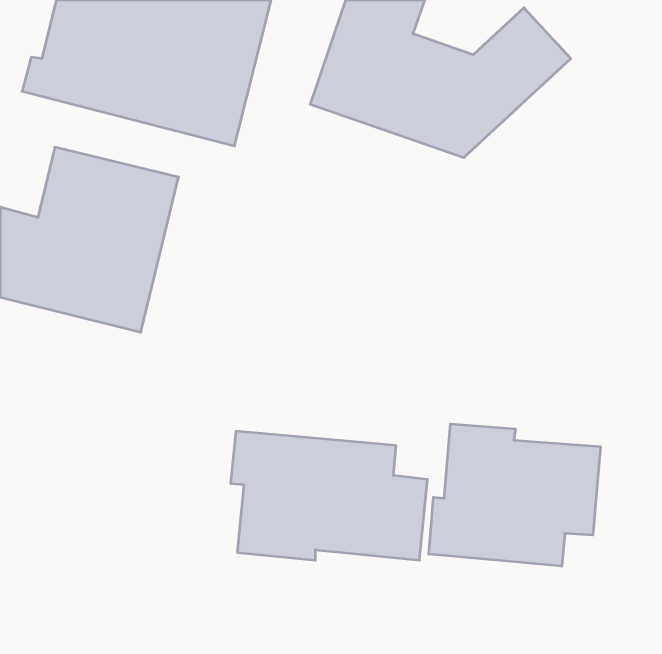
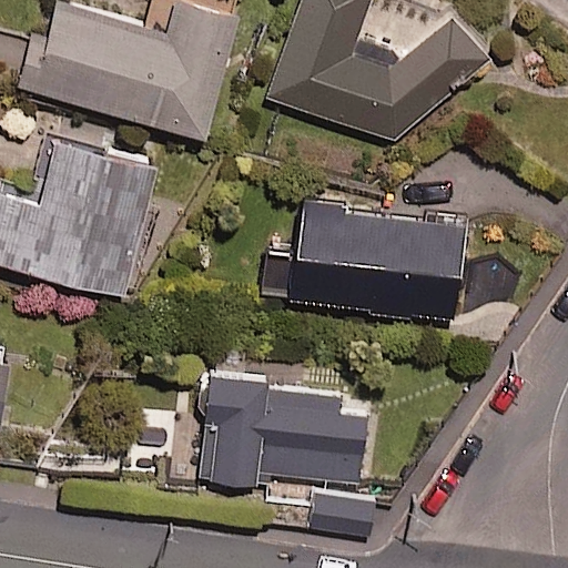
building: none -> [266,203,465,316]
building: [429,424,600,566] -> none

